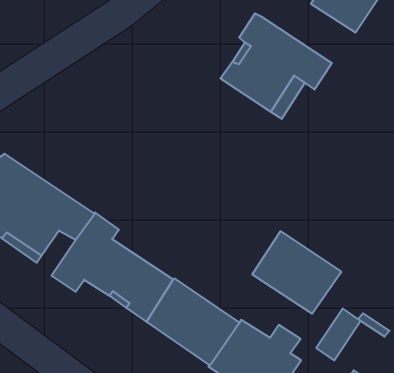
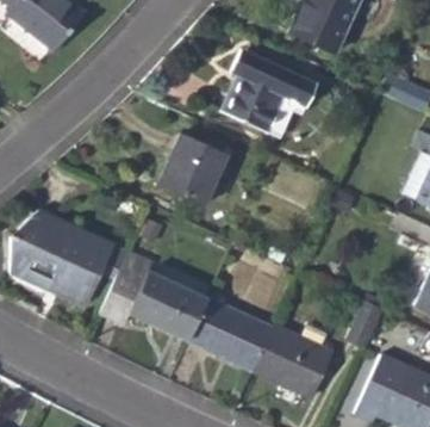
building: none -> [158,134,228,208]
building: [252,231,341,314] -> none

